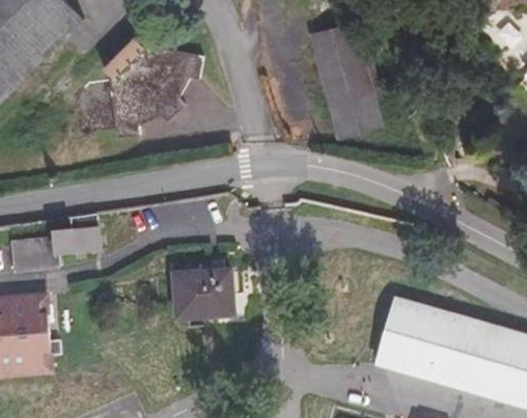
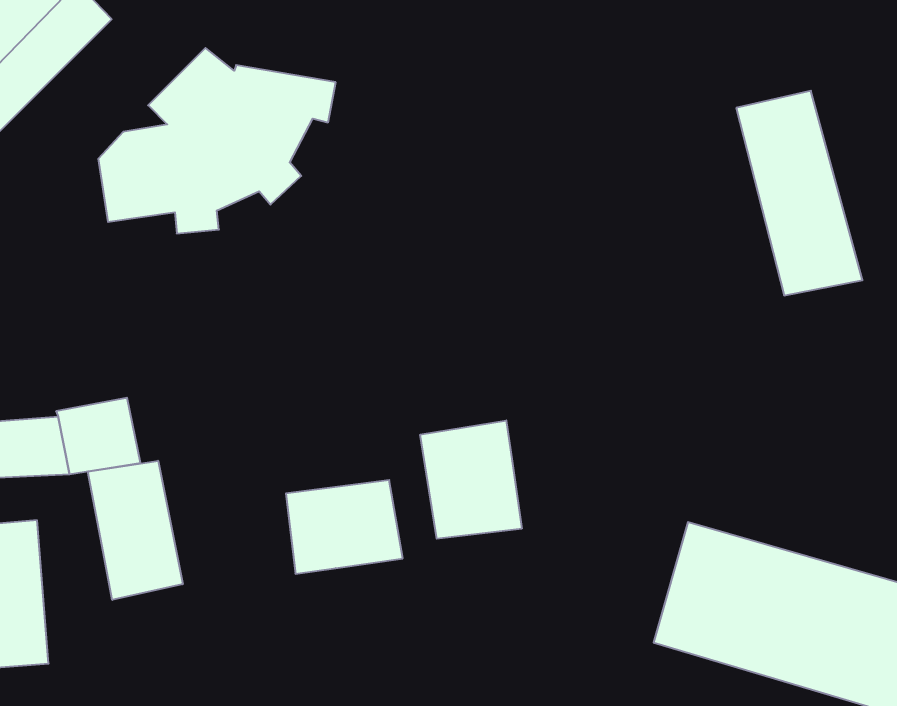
building: [308,23,377,134] -> [736,91,863,295]
building: none -> [420,420,522,539]
building: none -> [88,461,183,600]

